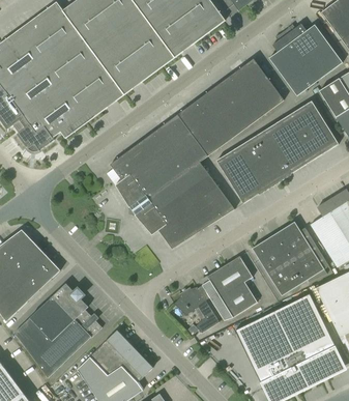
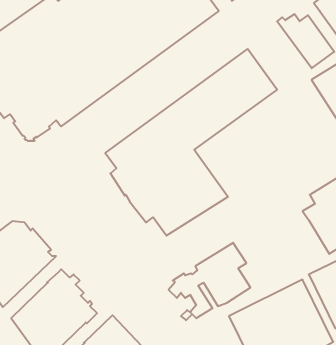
building: [269,31,319,96] -> none
building: [216,101,339,203] -> none
building: [252,222,326,295] -> none

